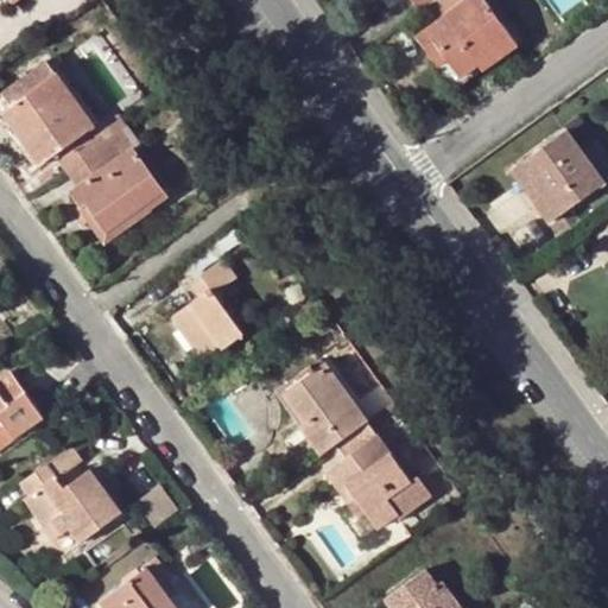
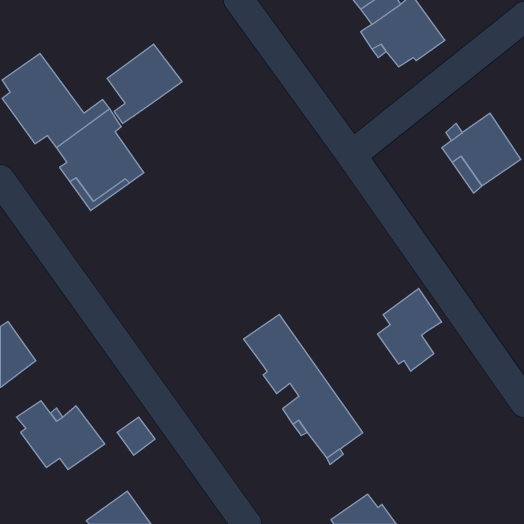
building: none -> [107,44,182,124]
building: [171,260,241,357] -> none
building: none -> [378,288,442,371]

